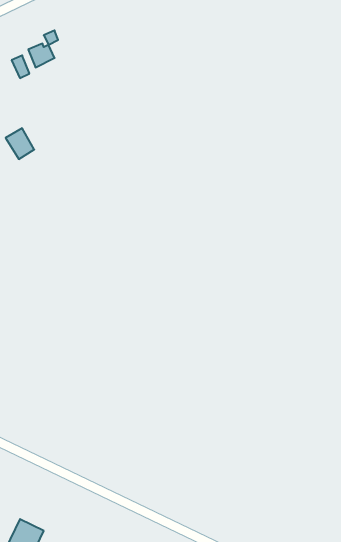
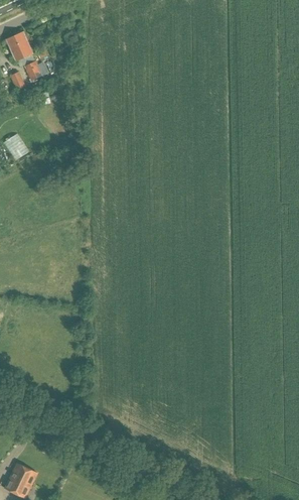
building: none -> [6,32,33,62]

